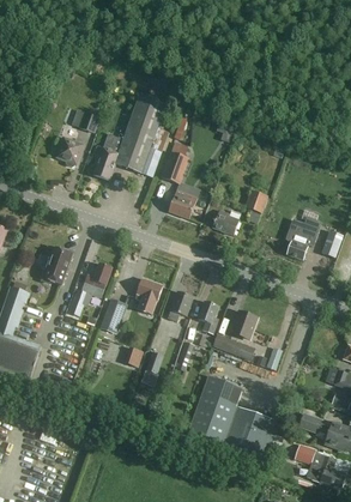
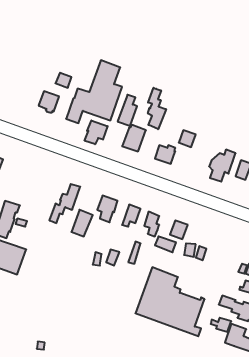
building: none -> [148,88,166,129]
building: none -> [85,120,108,144]
building: [41,246,72,285] -> none

